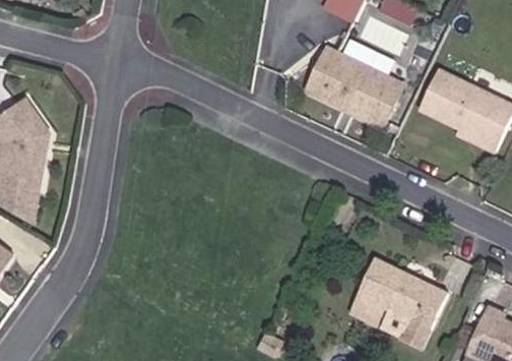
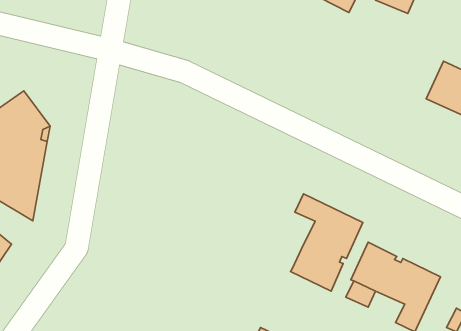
building: [307,46,402,124] -> none
building: none -> [290,194,363,291]

